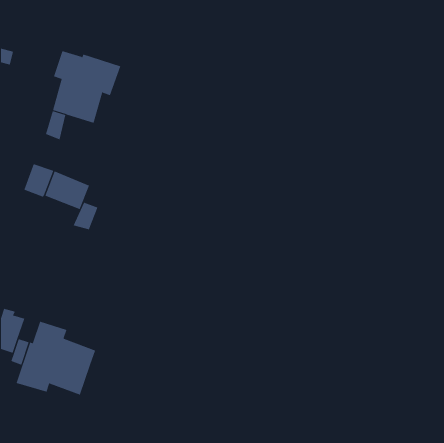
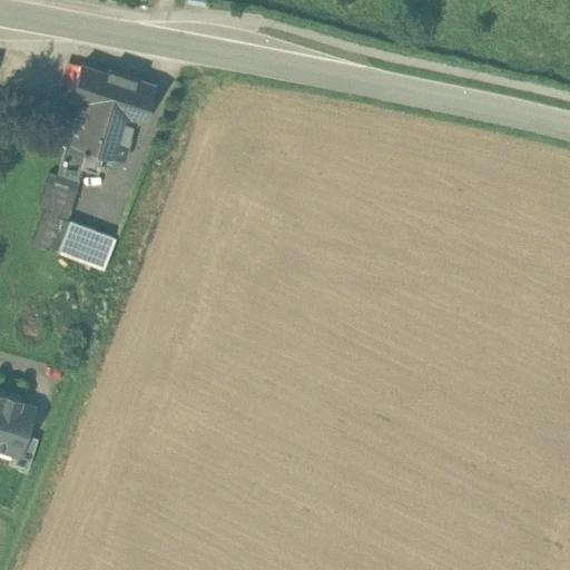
building: none -> [46,174,78,214]
building: [73,202,98,230] -> none
building: [16,321,96,395] -> none

